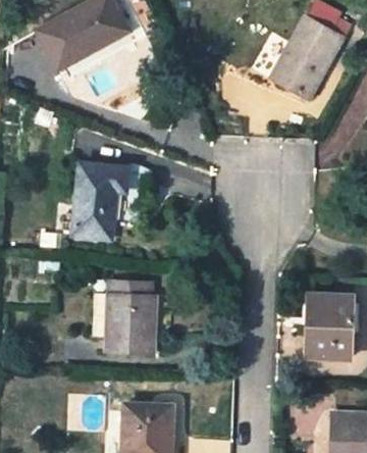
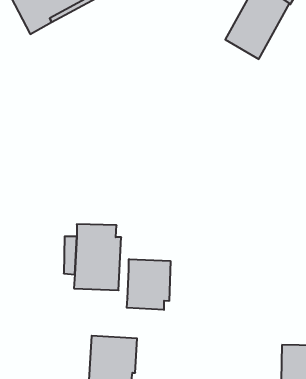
building: [72,163,128,239] -> none
building: [308,294,351,356] -> none
building: none -> [127,259,170,310]

